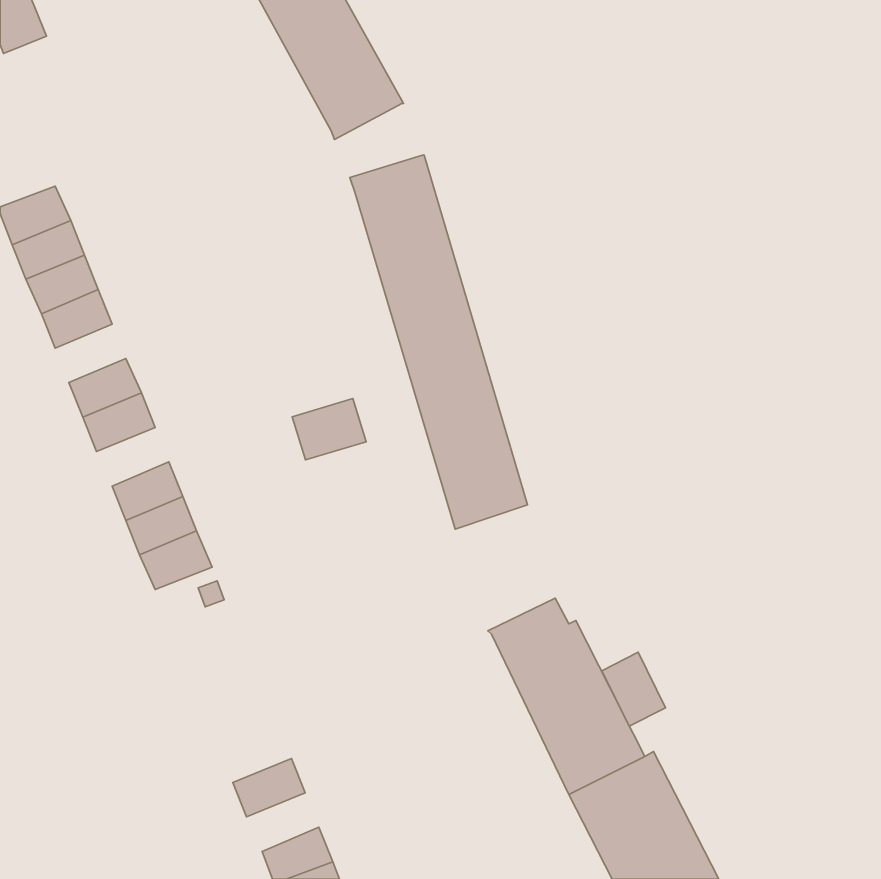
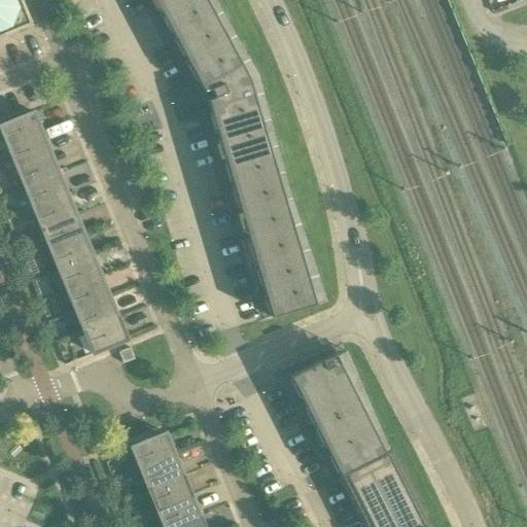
building: none -> [200,62,252,106]
building: none -> [33,194,75,229]
building: [292,399,366,460] -> none
building: none -> [58,255,101,290]
building: [602,652,666,726] -> none
building: none -> [131,431,174,467]
building: none -> [147,473,190,508]

